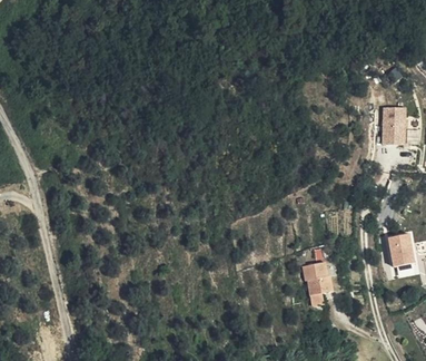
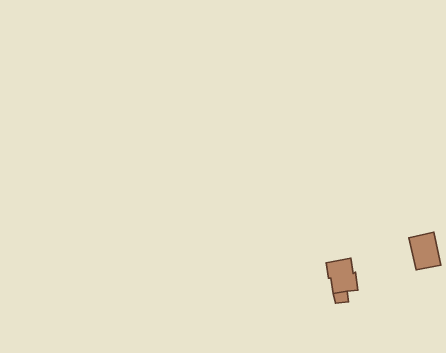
building: [380,100,403,139] -> none

